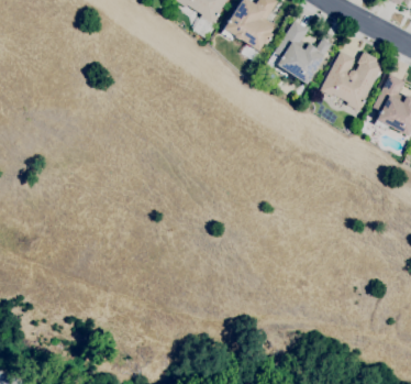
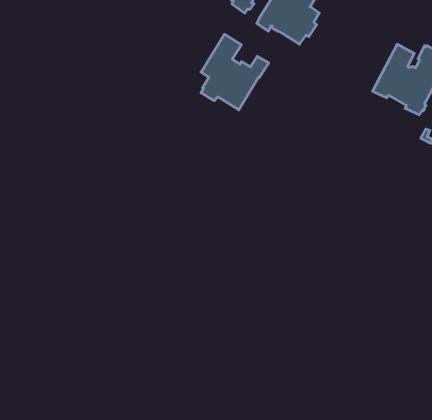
building: [275,21,332,85] -> [201,34,269,110]

